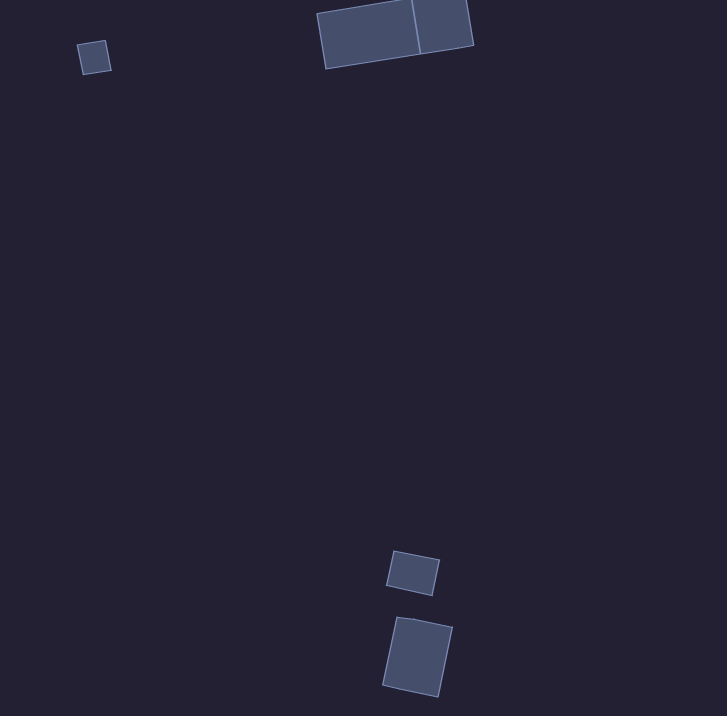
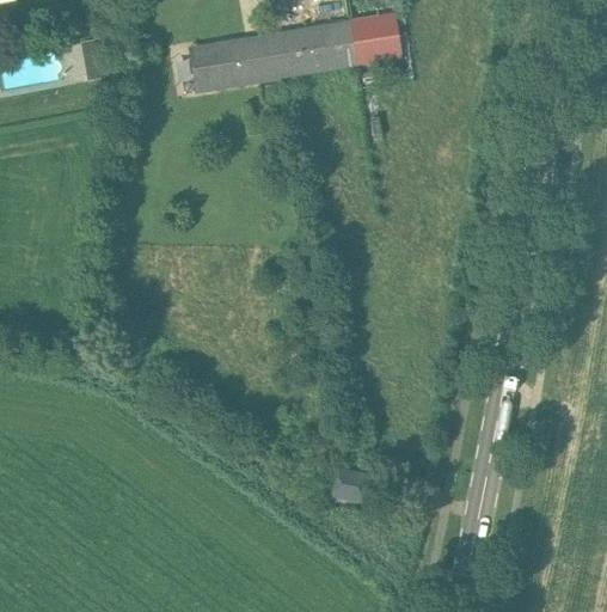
building: none -> [190,33,281,92]
building: [383,617,452,697] -> none

